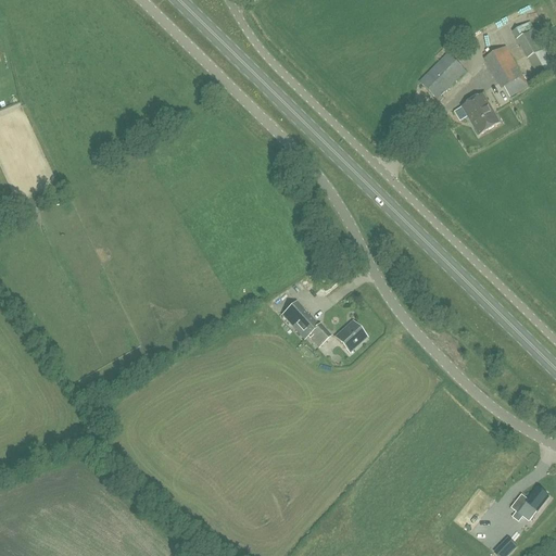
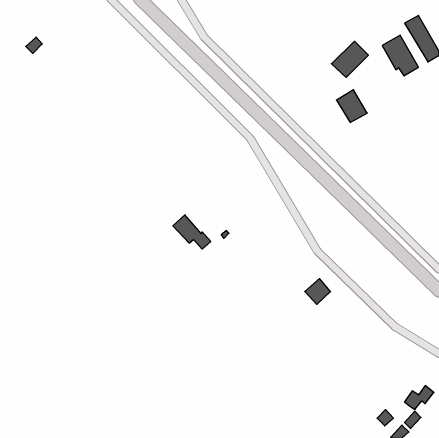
building: [460,92,500,134] -> [336,90,367,122]
building: [281,301,329,344] -> [173,215,211,249]
building: [333,319,366,352] -> [305,279,331,304]

